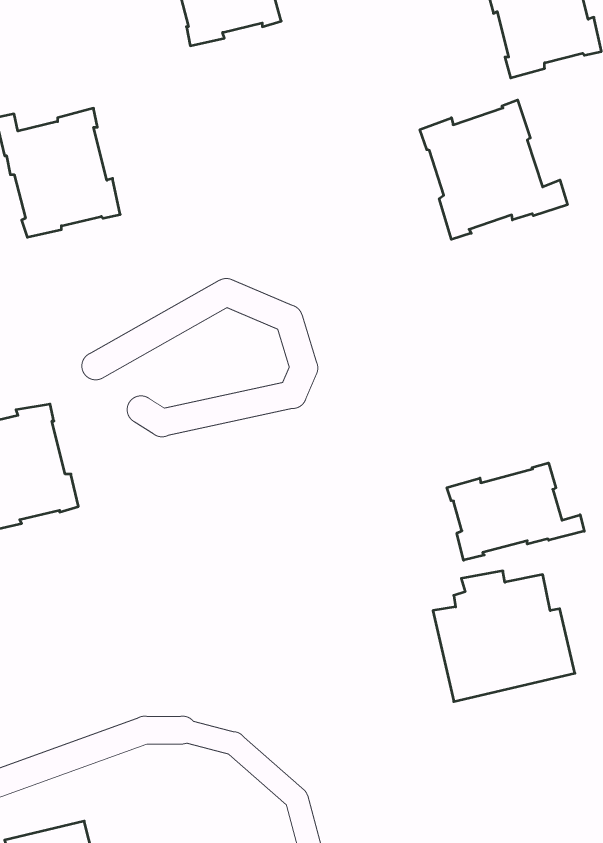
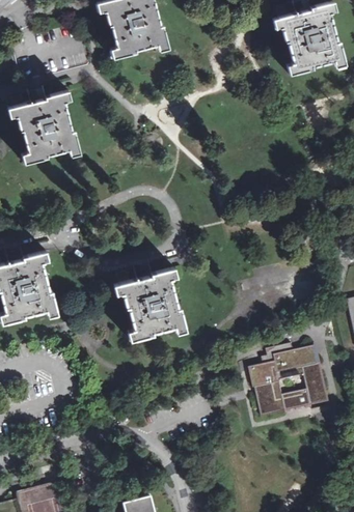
building: [420,100,567,239] -> none
building: none -> [116,271,185,341]
building: [447,463,584,560] -> none

